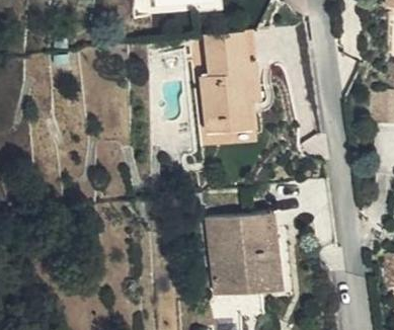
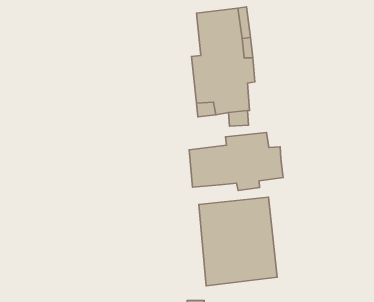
building: none -> [189,132,283,190]

